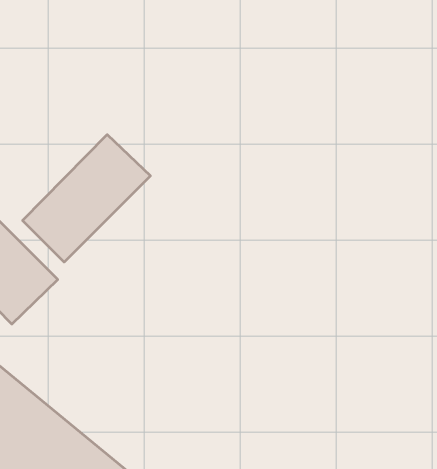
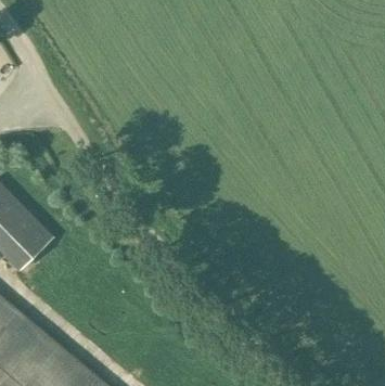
building: [23,135,150,262] -> none

